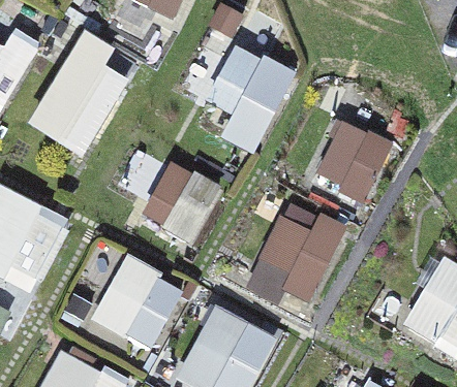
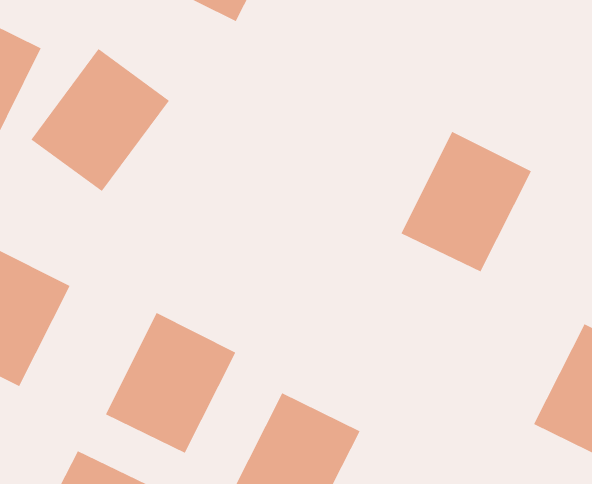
building: [207,42,297,132] -> none
building: [135,160,225,250] -> none
building: [249,200,347,307] -> none

